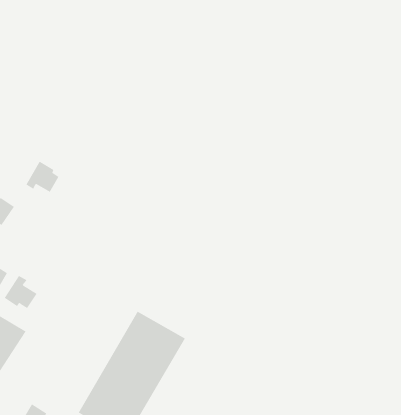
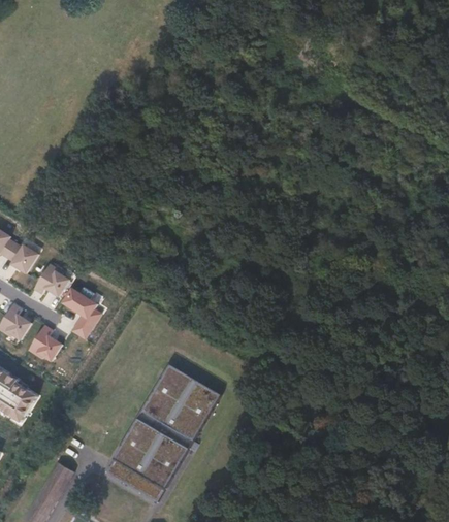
building: [25,161,59,192] -> [34,264,69,297]
building: none -> [63,288,101,339]

